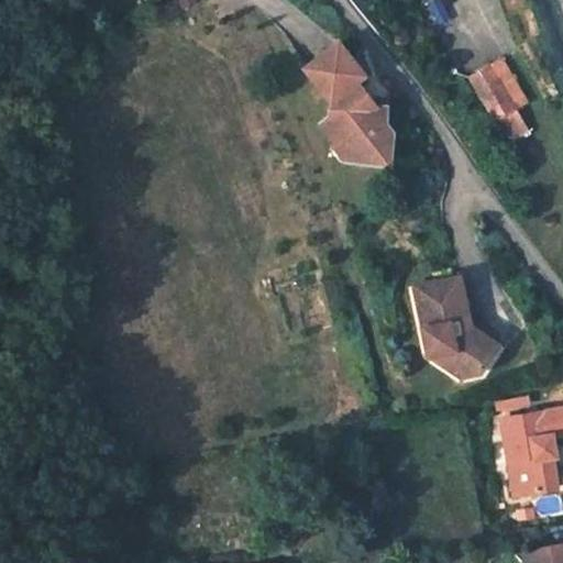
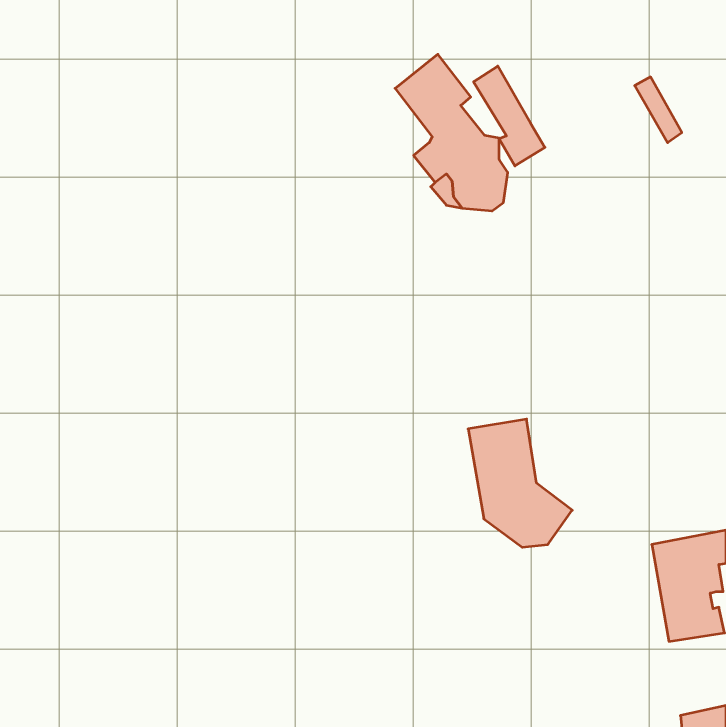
building: [471,67,526,144] -> [474,66,545,166]
building: [419,277,499,376] -> [468,419,572,547]

